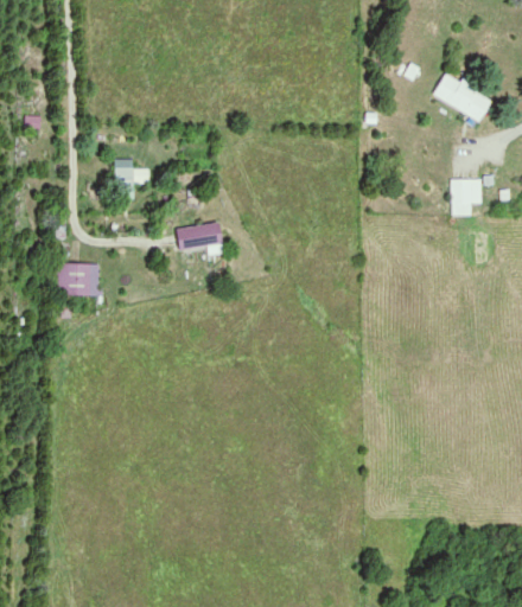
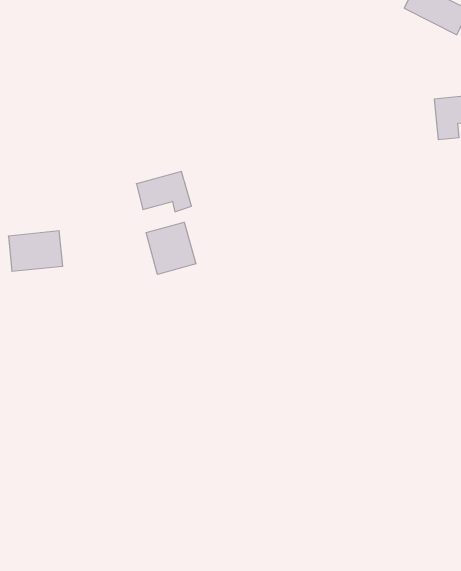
building: [114,158,151,198] -> none
building: none -> [146,222,196,274]

